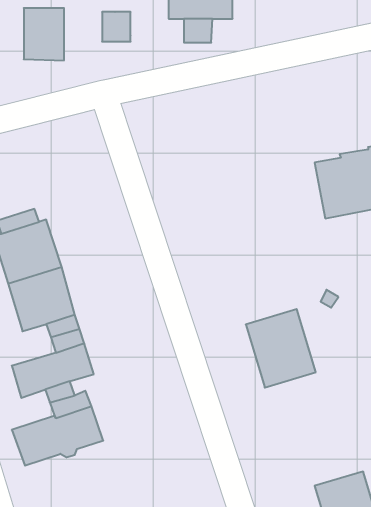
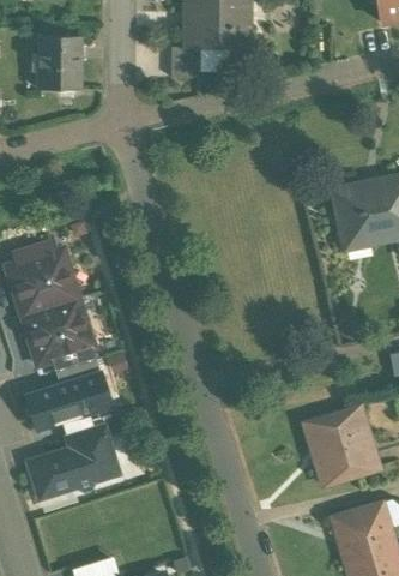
building: [102,12,131,42] -> [173,47,201,77]
building: [246,309,316,388] -> [303,407,374,486]

